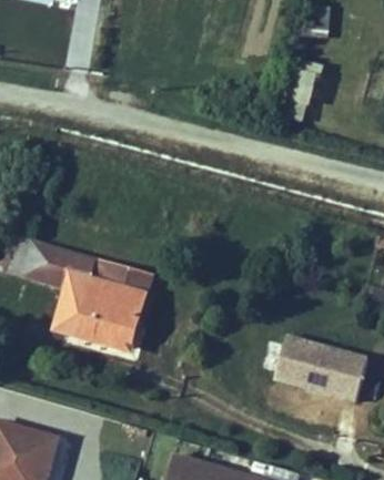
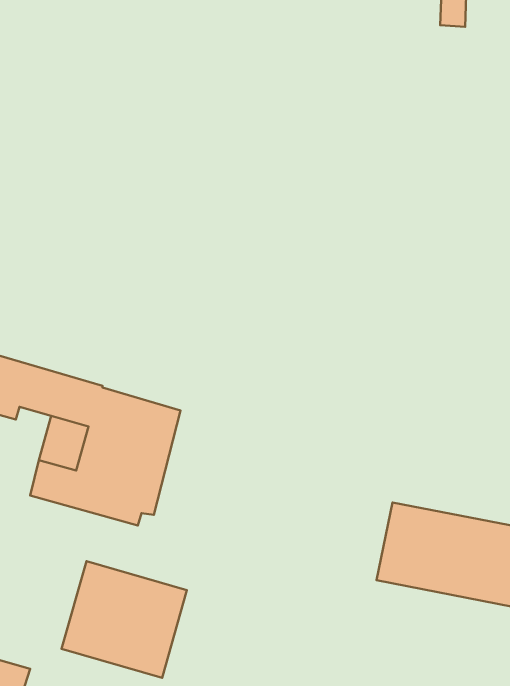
building: [289,58,319,109] -> none
building: none -> [62,561,187,678]

